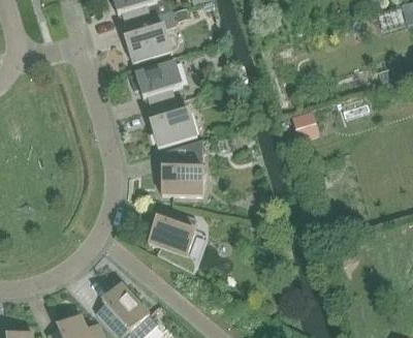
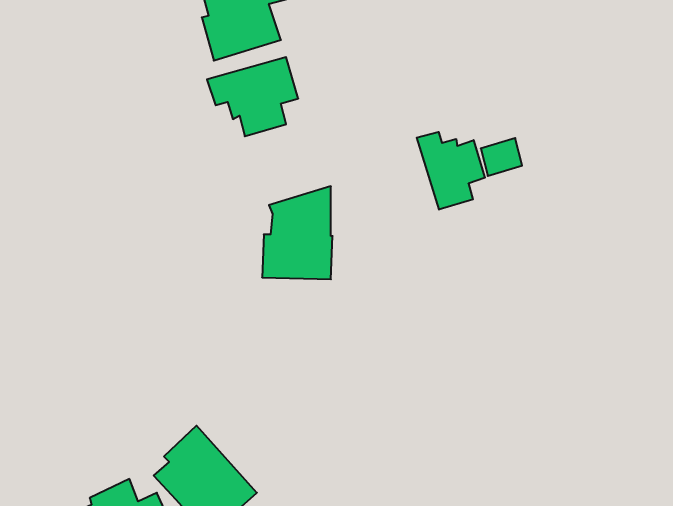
building: [150,101,197,147] -> none
building: none -> [417,132,485,210]
building: [149,207,196,272] -> none

